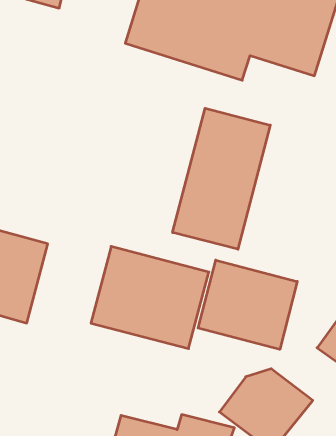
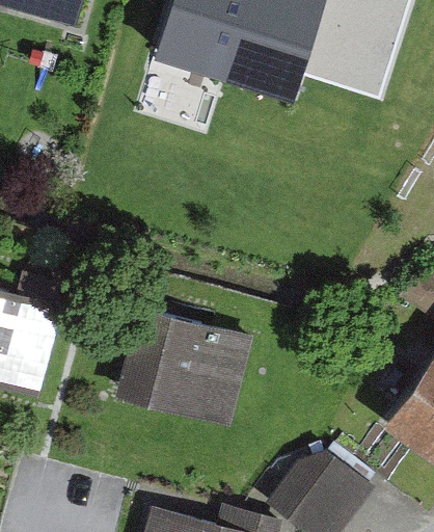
building: [173,108,270,249] -> none
building: [198,260,297,349] -> none

